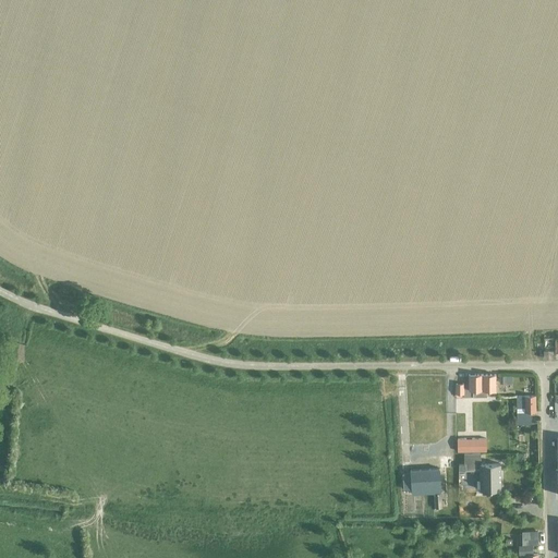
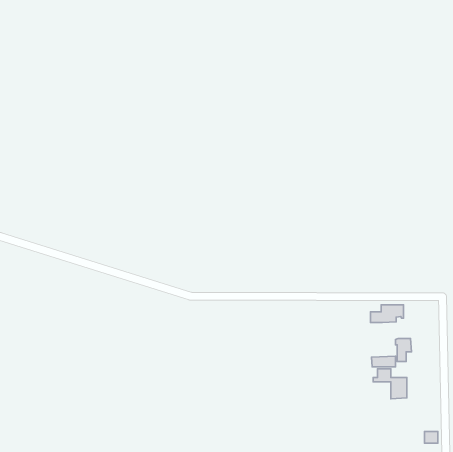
building: [517,397,536,425] -> [395,339,411,362]
building: [403,470,441,495] -> none

